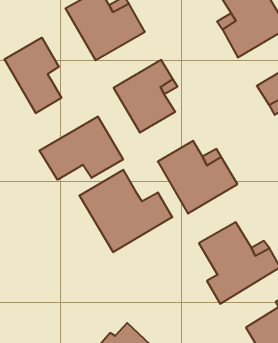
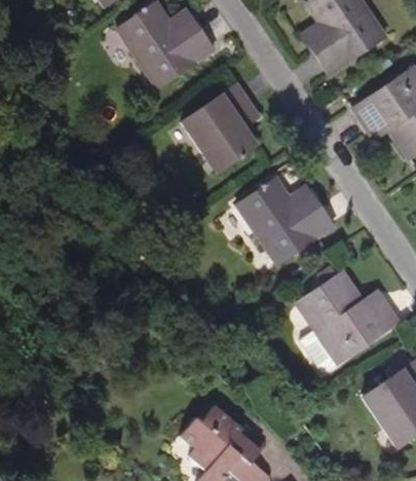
building: [4,38,61,113] -> none
building: [39,116,123,180] -> none
building: [79,170,172,252] -> none

